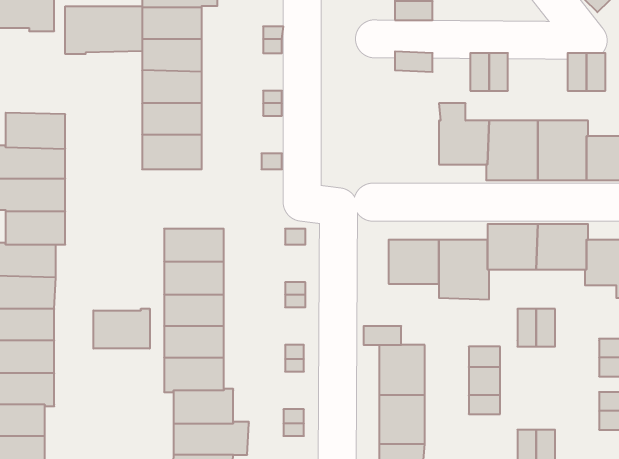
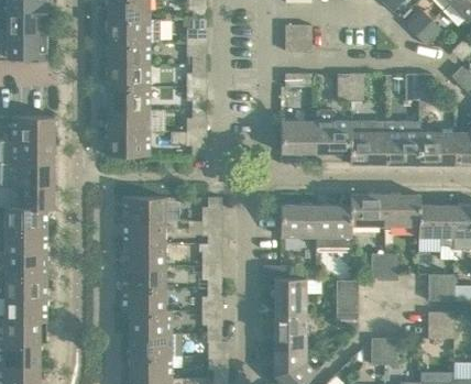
building: [65,6,142,54] -> none
building: none -> [281,121,316,153]
building: [93,309,150,349] -> none

